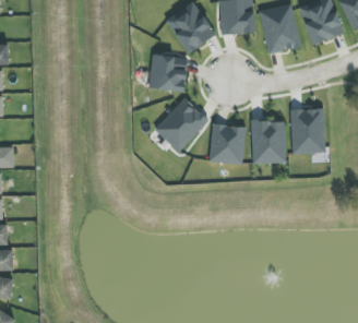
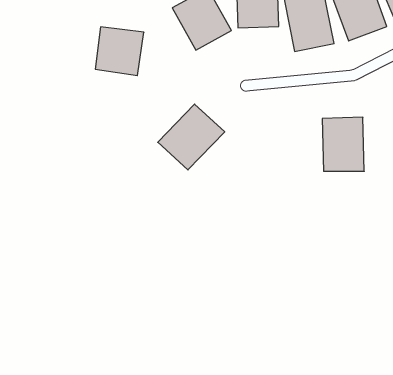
building: [148,52,189,93] -> [95,27,144,76]
building: [251,120,286,164] -> none
building: [210,123,246,164] -> none

